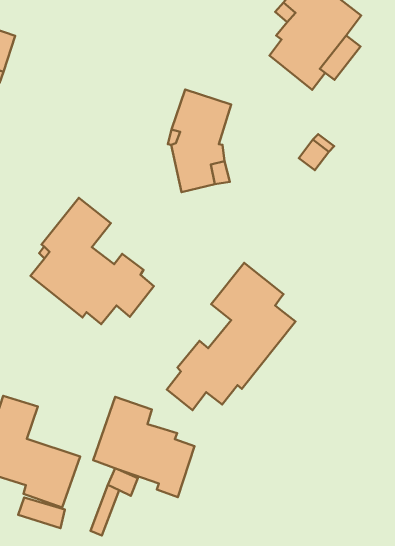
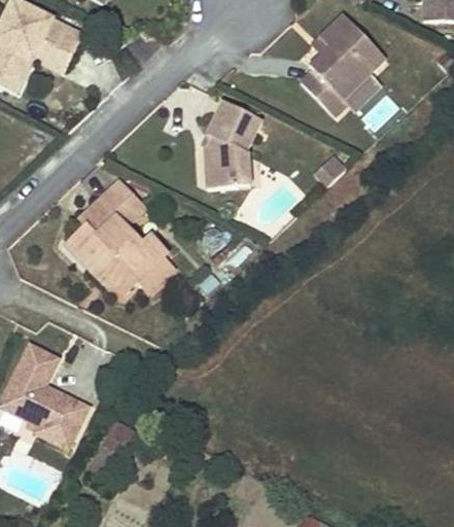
building: [167,263,295,410] -> none
building: [93,397,194,497] -> none

